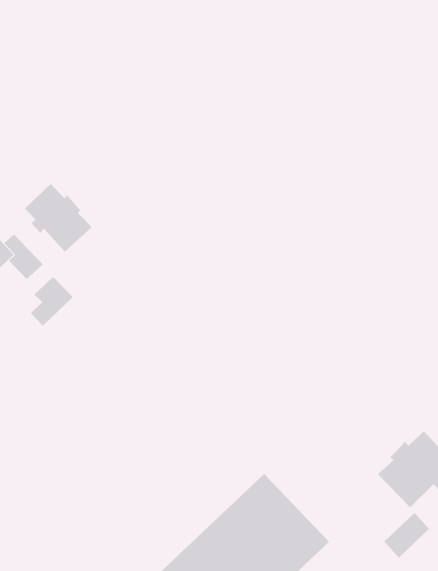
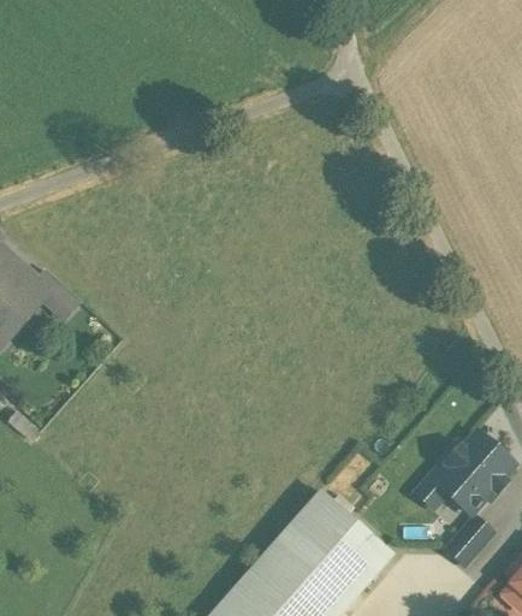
building: [24,183,92,252] -> none
building: [30,276,74,326] -> none

